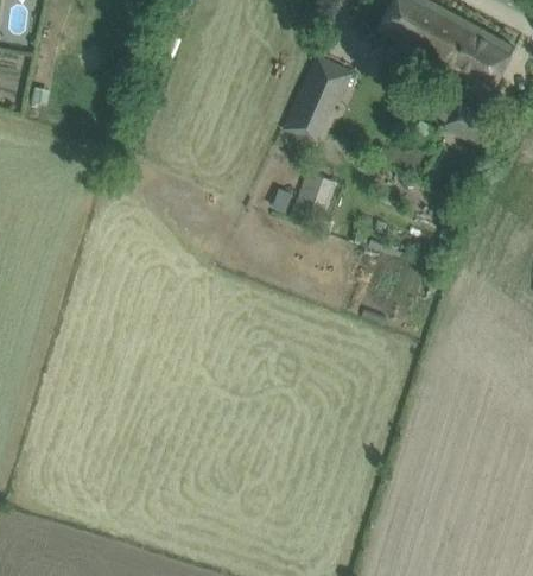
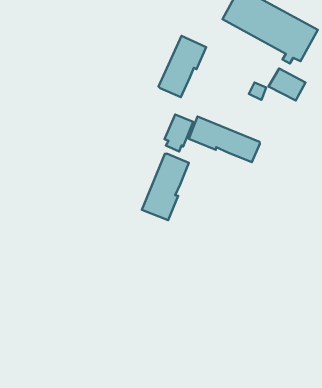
building: none -> [189,116,260,162]
building: none -> [142,154,189,220]

